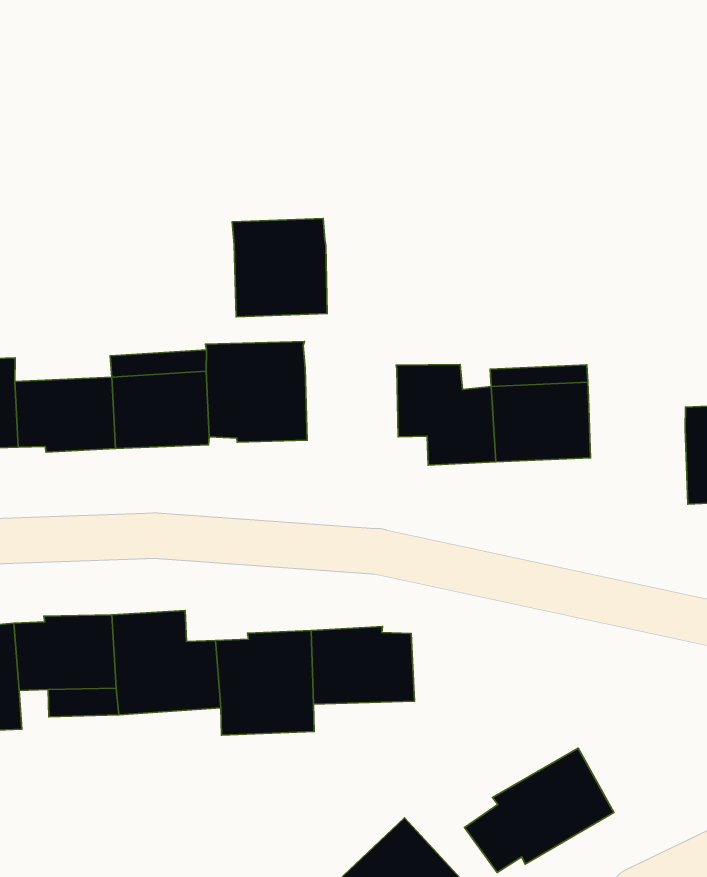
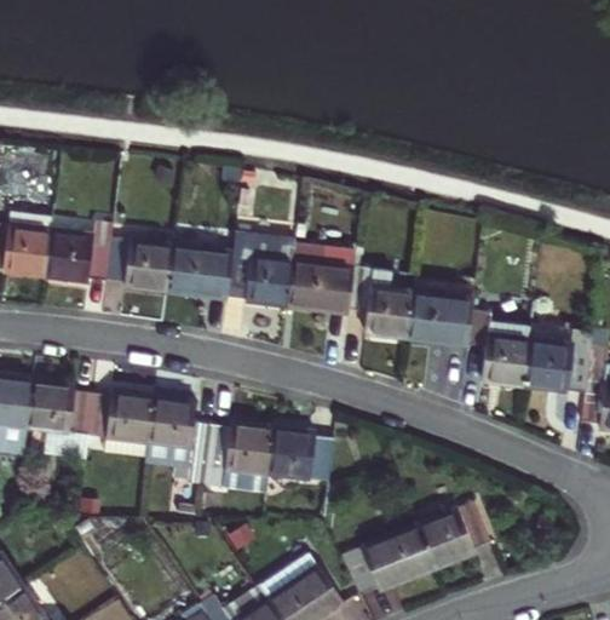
building: [232,219,327,317] -> [284,247,349,314]
building: none -> [459,309,522,385]
building: none -> [421,504,494,569]

